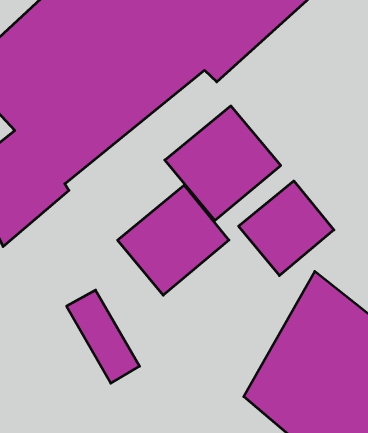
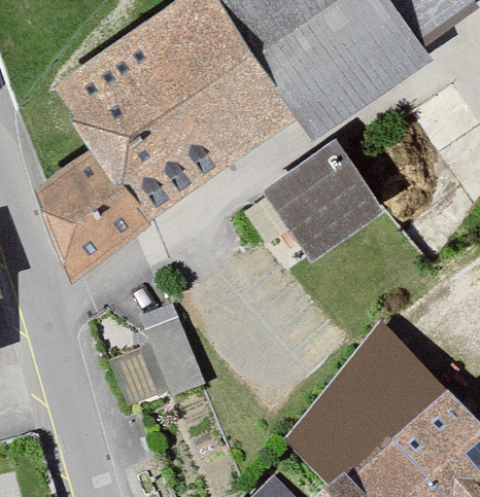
building: [239,181,334,276] -> none
building: [118,185,229,295] -> none

